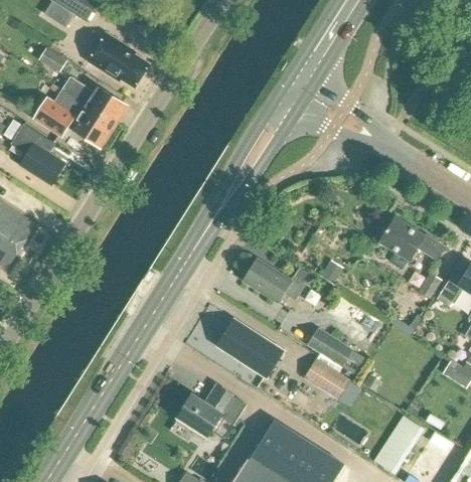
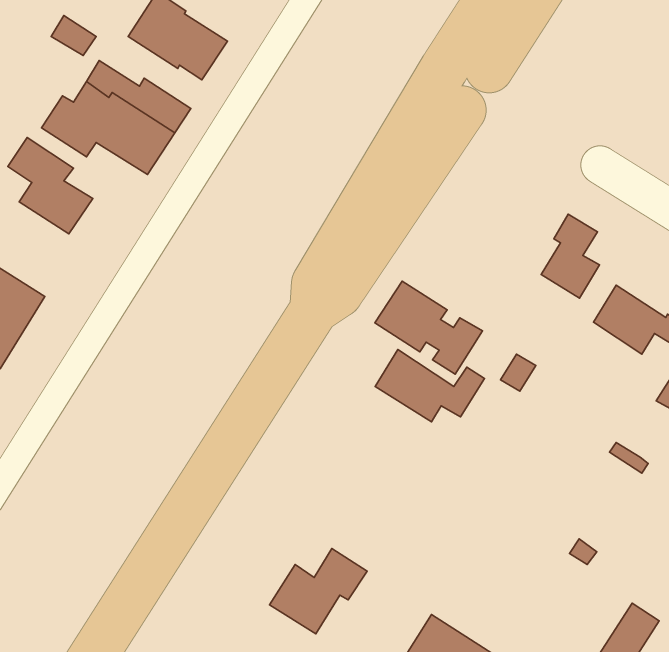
building: none -> [541,214,599,298]
building: [216,319,284,377] -> [375,281,482,374]
building: [308,329,353,368] -> none
building: [303,358,350,400] -> none

